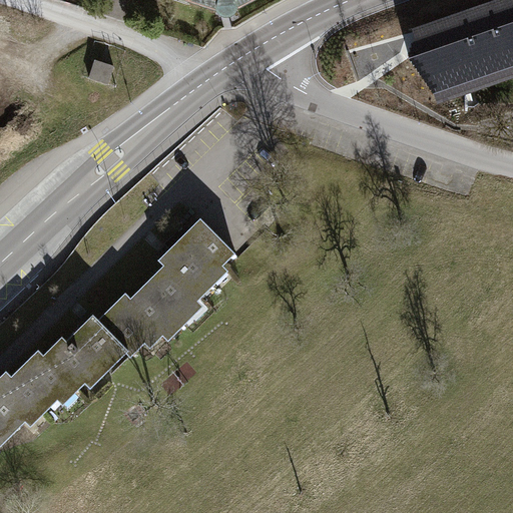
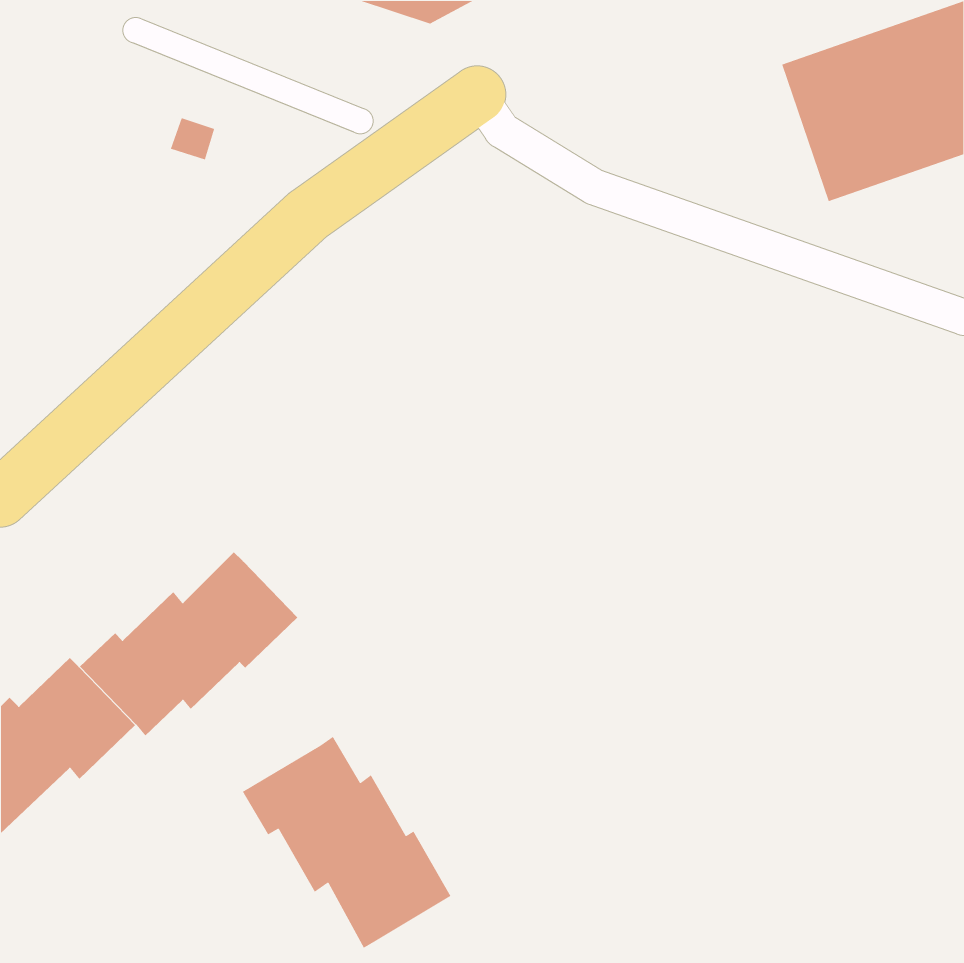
building: [129,218,235,340] -> none
building: none -> [242,736,452,949]

